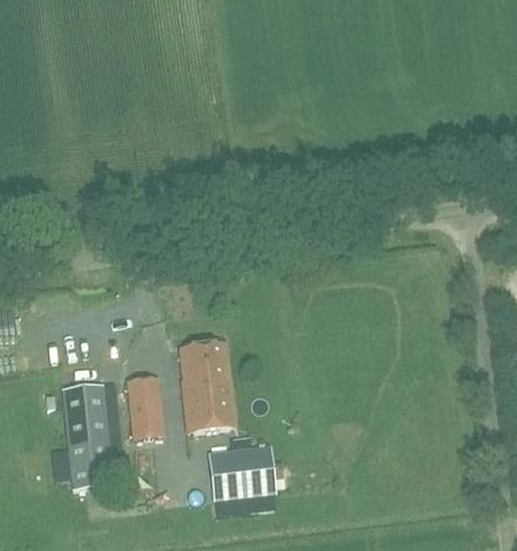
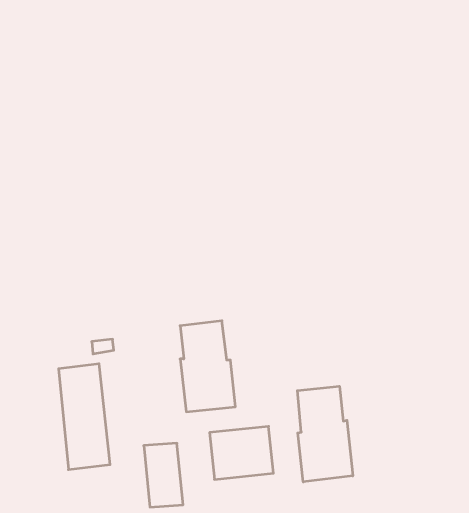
building: [127,376,165,439] -> [144,443,183,507]
building: none -> [297,386,353,482]

